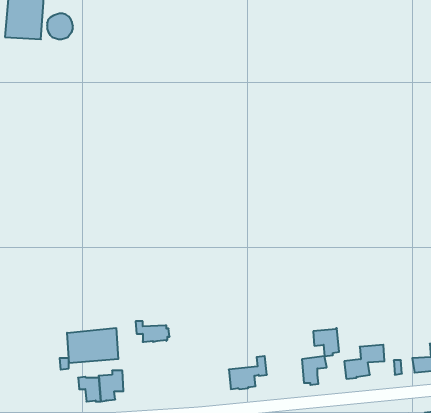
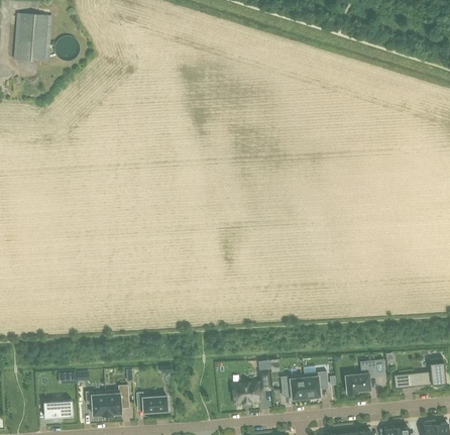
building: [136,321,170,342] -> [136,392,170,412]
building: [67,328,118,363] -> none
building: [313,328,339,356] -> [280,373,306,401]
building: none -> [43,399,73,417]

